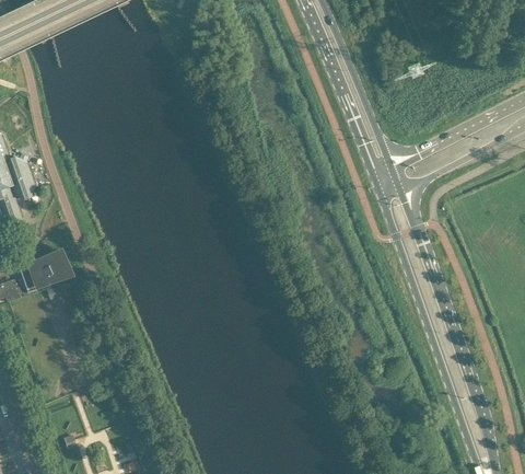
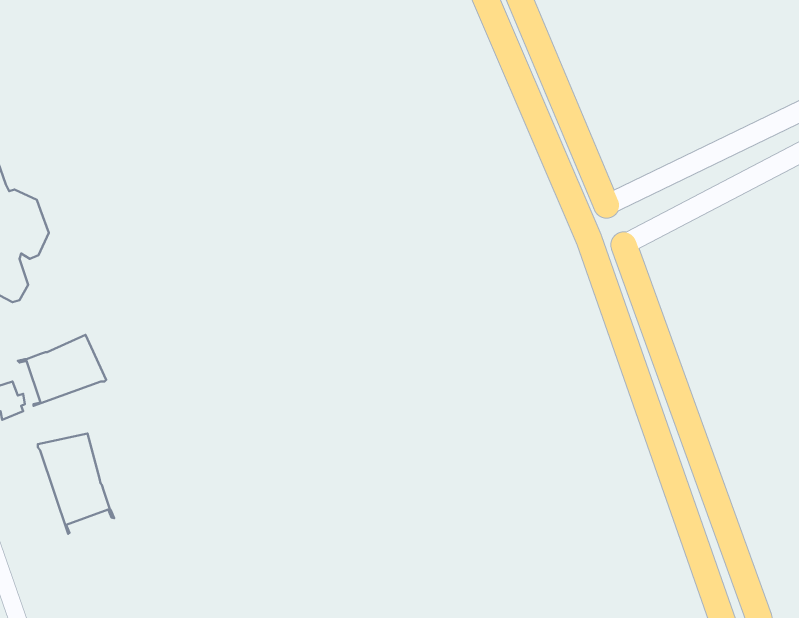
building: none -> [38,434,114,534]

